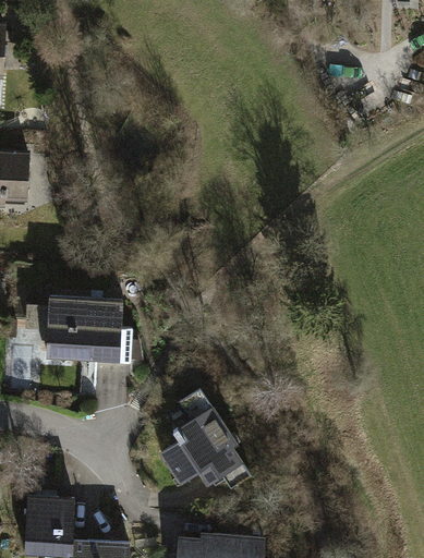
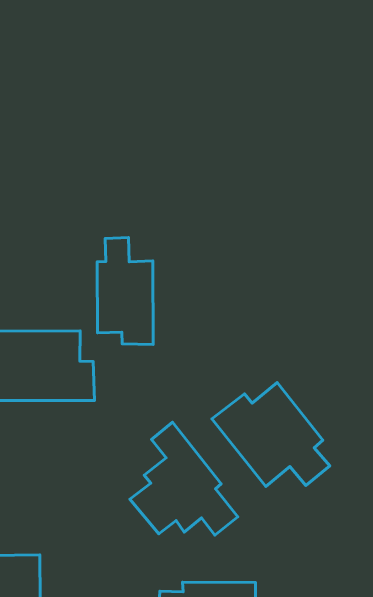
building: none -> [97,238,153,344]
building: none -> [212,382,330,486]

